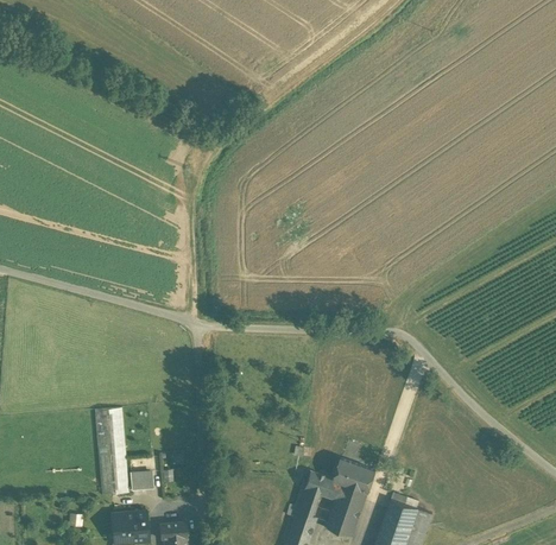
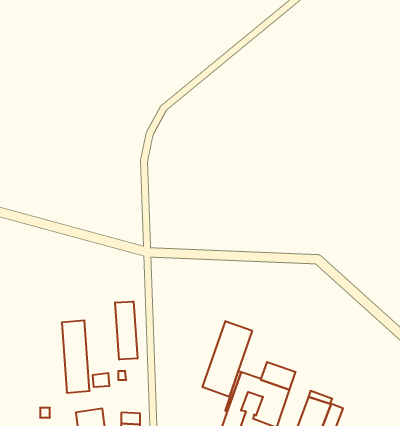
building: none -> [115,301,137,360]
building: none -> [203,321,252,397]

